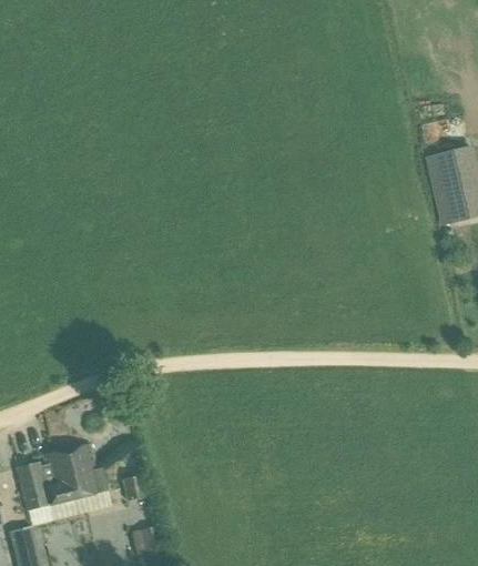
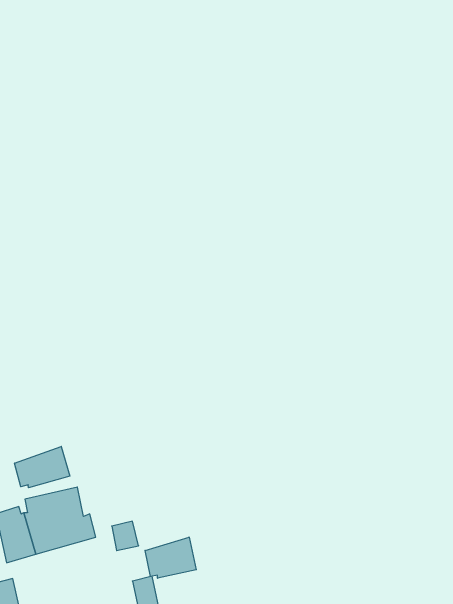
building: none -> [15,446,70,488]
building: none -> [145,537,196,578]

